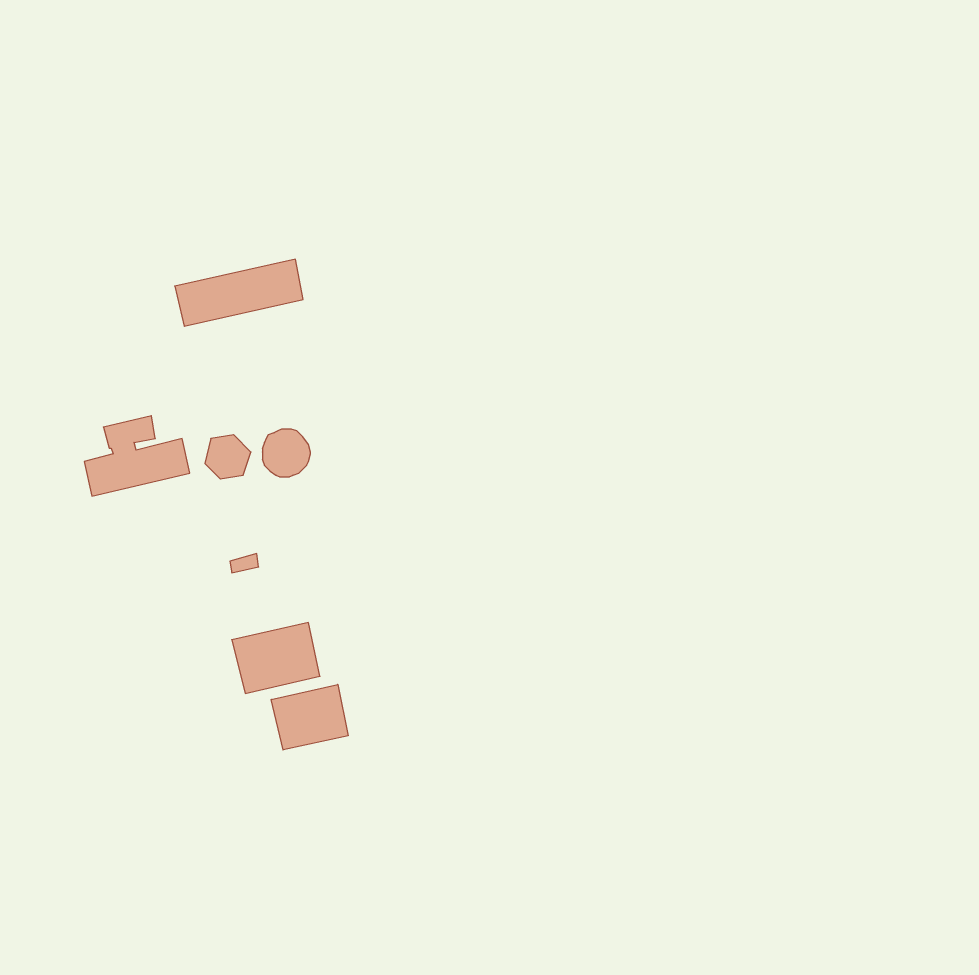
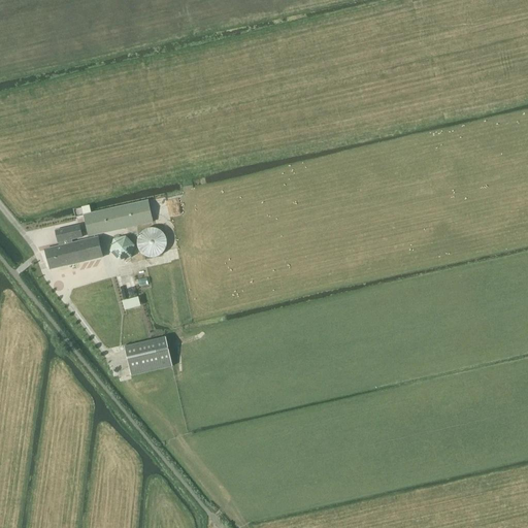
building: [175,259,303,326] -> [84,199,153,235]
building: [271,684,348,750] -> none

